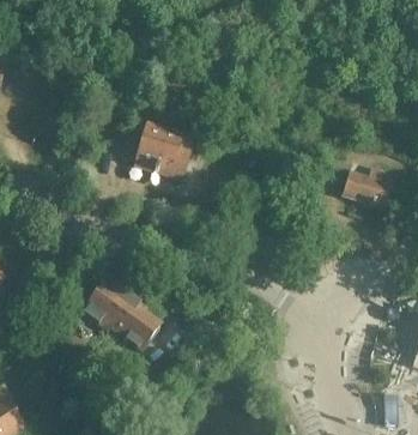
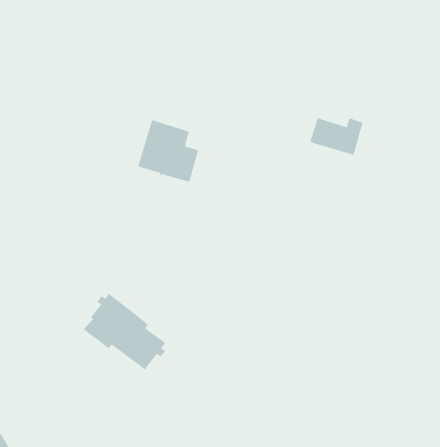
building: [345,169,394,204] -> [309,117,364,156]

